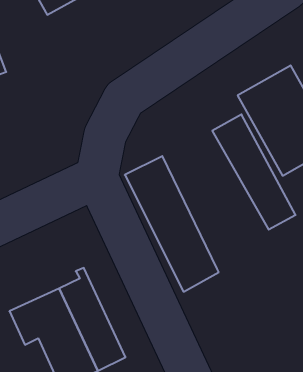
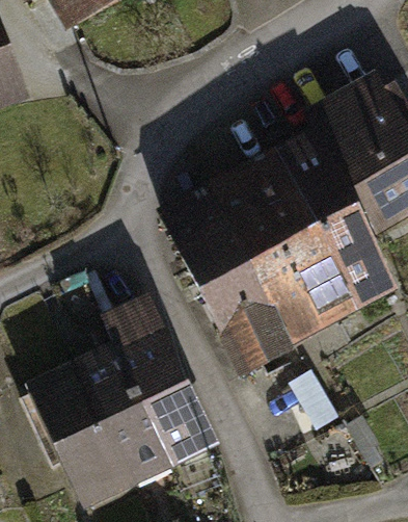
building: none -> [220,169,355,345]
building: none -> [111,306,211,458]

